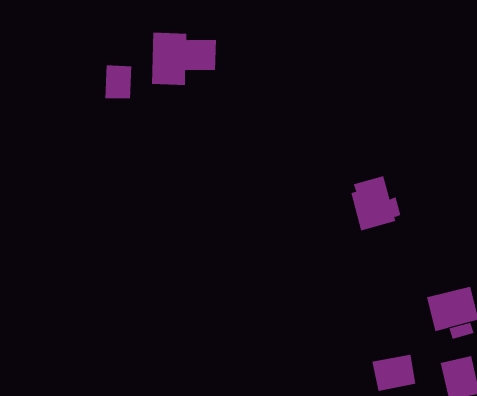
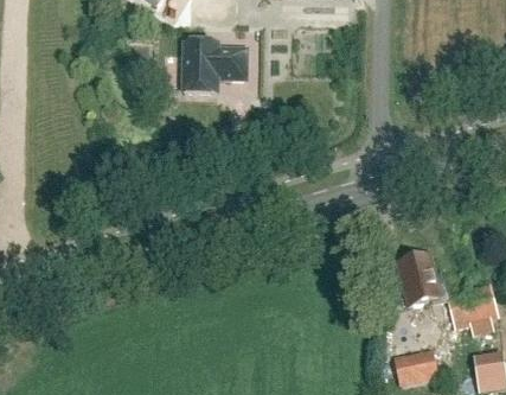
building: [105,64,132,99] -> none
building: [350,175,401,231] -> [398,253,447,306]

